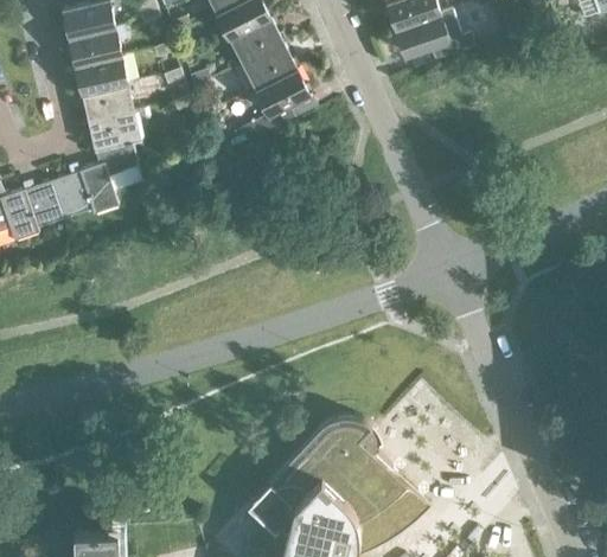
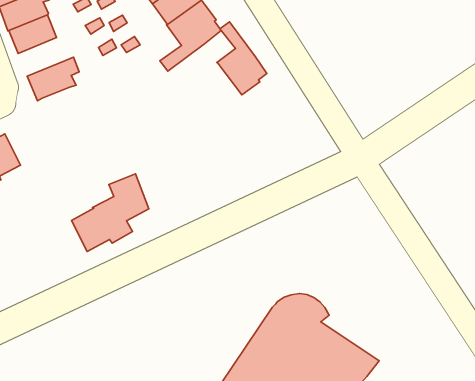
building: [81,83,133,121] -> none
building: none -> [217,22,267,95]
building: [51,141,140,219] -> [71,174,149,252]

